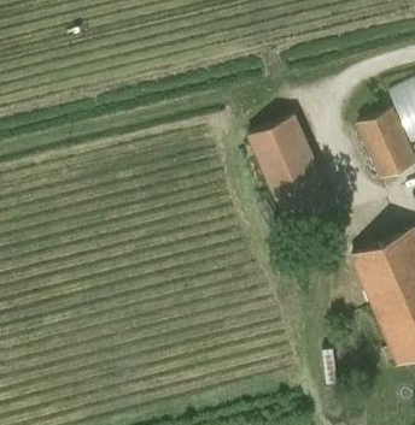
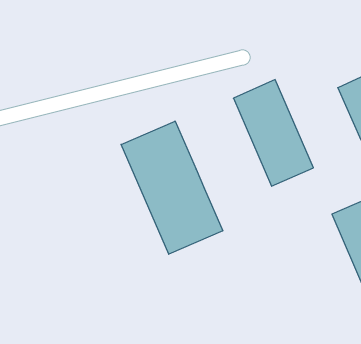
building: none -> [121,121,223,254]

